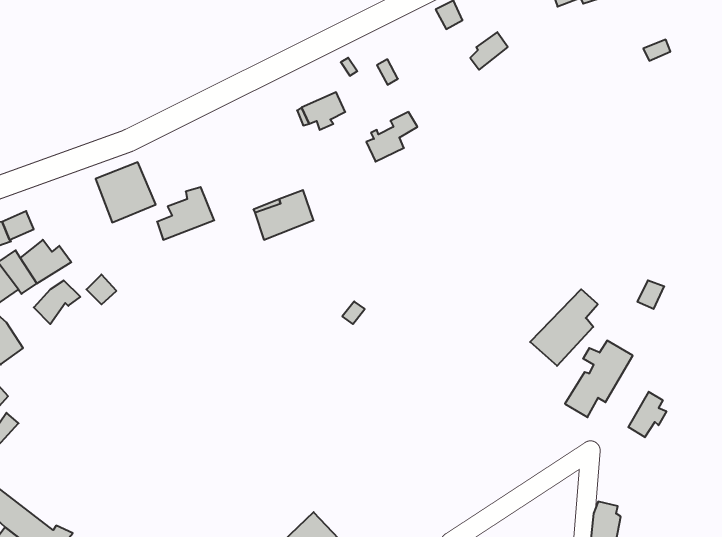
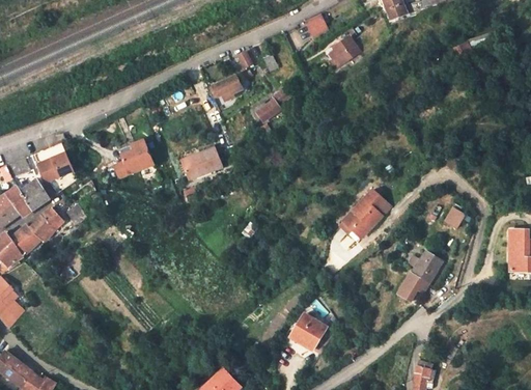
building: [96,162,156,222] -> [35,142,77,184]
building: [530,289,598,366] -> [339,189,386,242]
building: none -> [10,224,40,254]
building: [628,392,666,437] -> none
building: none -> [290,312,326,350]

